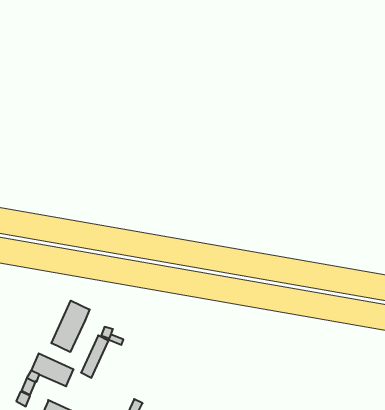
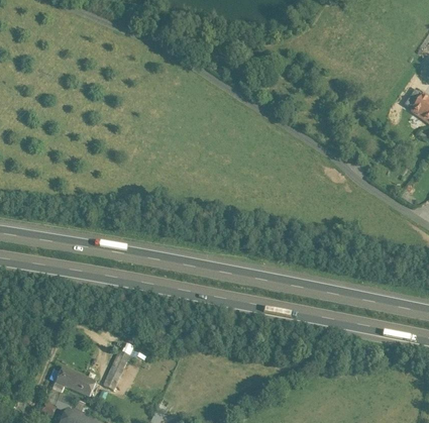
building: [51,301,90,352] -> none

